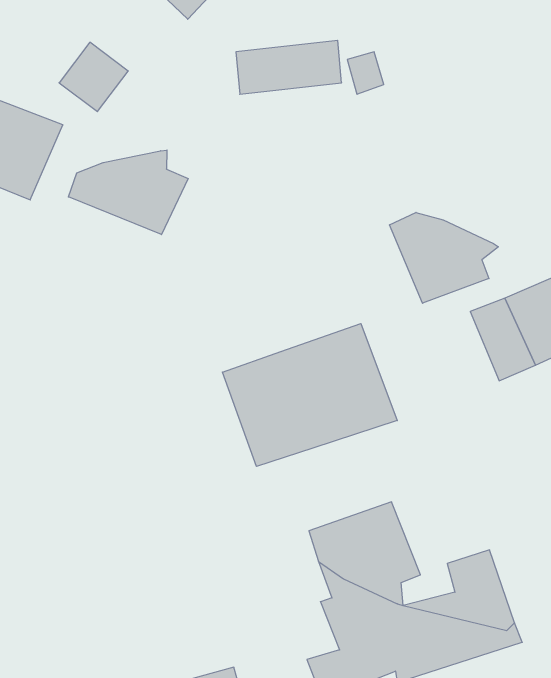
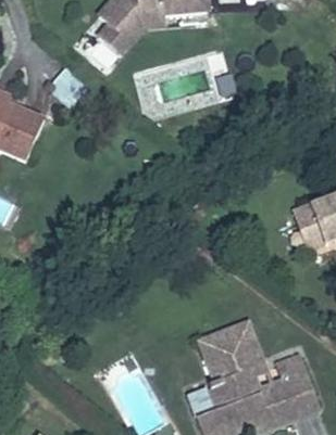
building: [68,150,188,235] -> none
building: [390,212,498,303] -> none
building: [222,324,397,466] -> none

